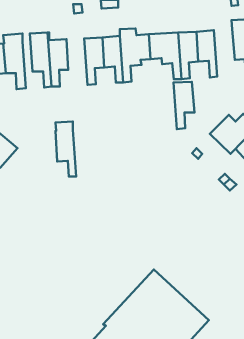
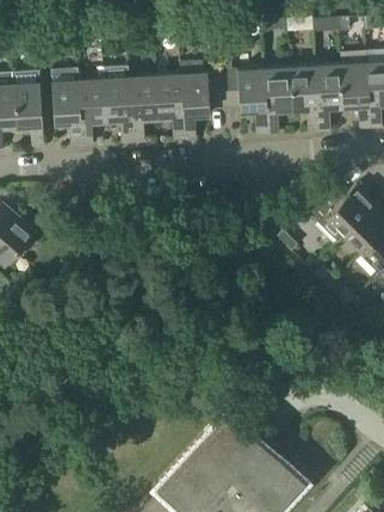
building: [174,82,194,129] -> [315,64,345,132]
building: [55,122,76,176] -> [104,66,134,144]

